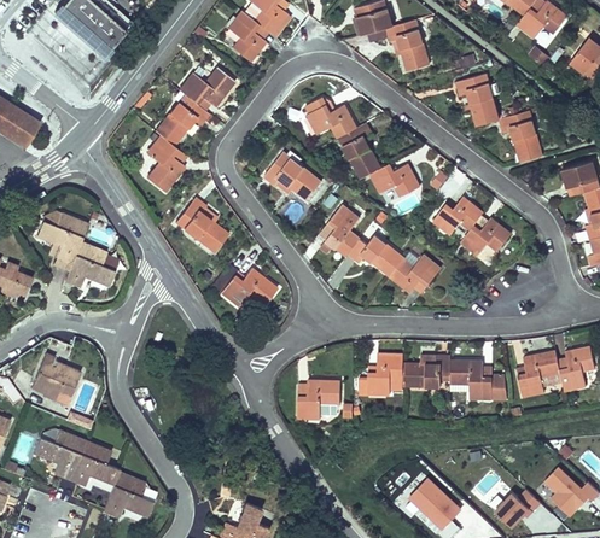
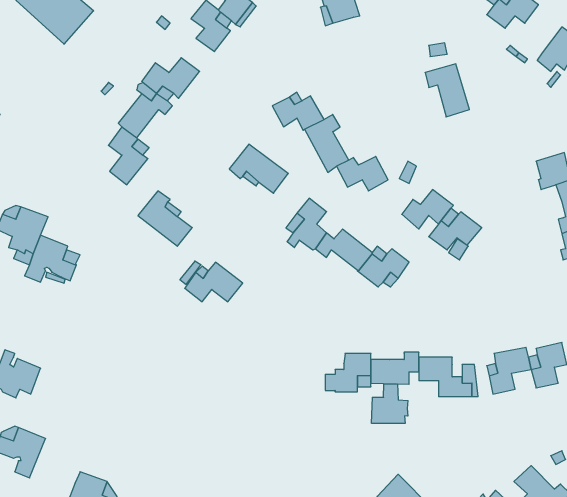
building: [386,19,430,71] -> none
building: [500,110,543,162] -> none
building: [298,380,340,419] -> none
building: none -> [372,384,408,423]
building: [69,440,120,485] -> none

